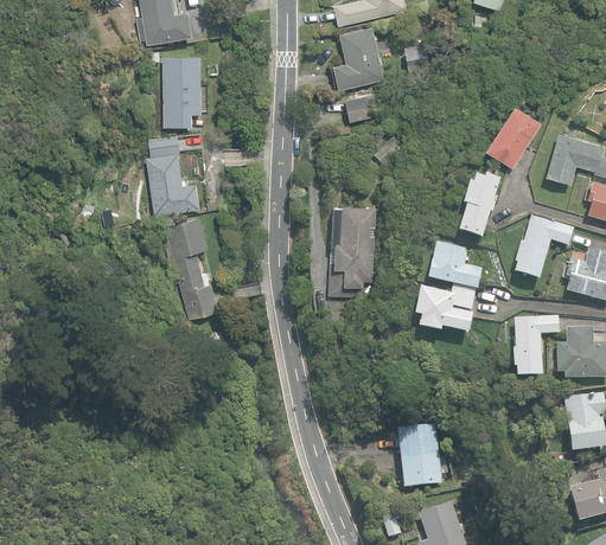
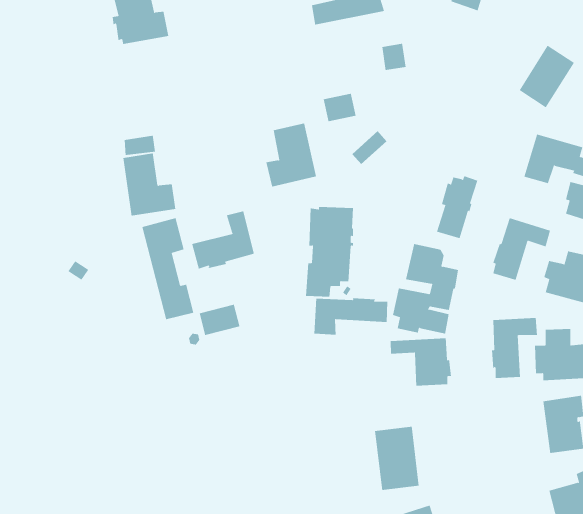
building: [332,27,383,91] -> [266,123,317,187]
building: [162,57,206,128] -> none
building: [484,105,540,168] -> [519,45,575,108]
building: none -> [192,211,255,269]
building: none -> [314,298,388,335]
building: none -> [199,304,240,336]
building: none -> [390,338,451,386]

